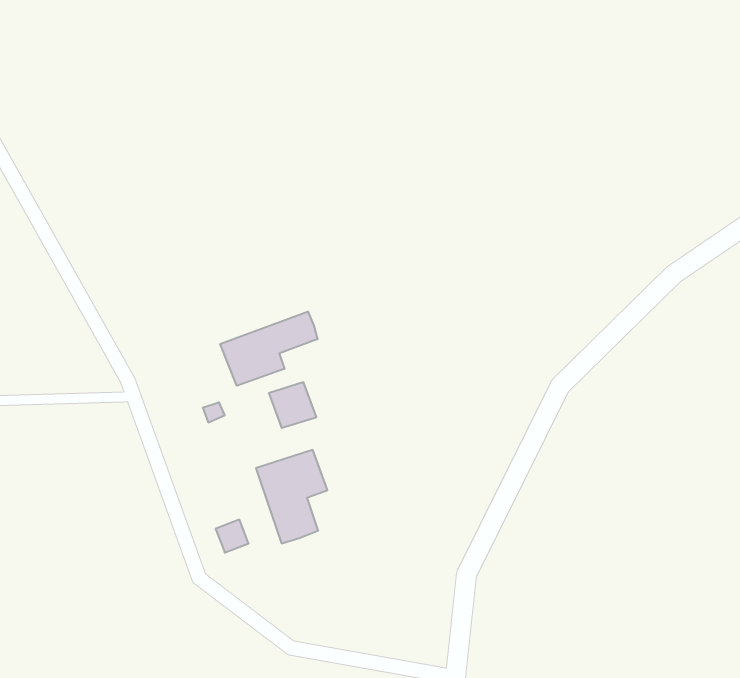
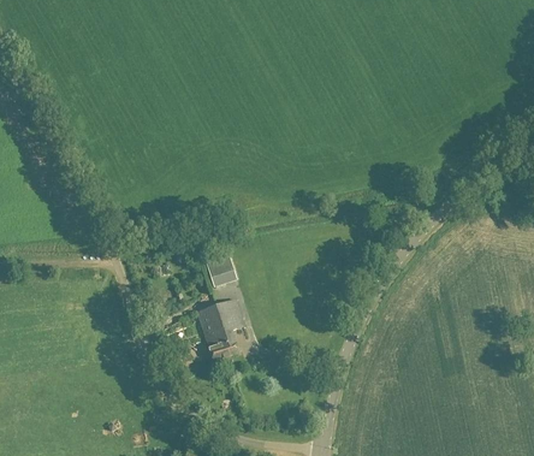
building: [220,312,318,386] -> none

